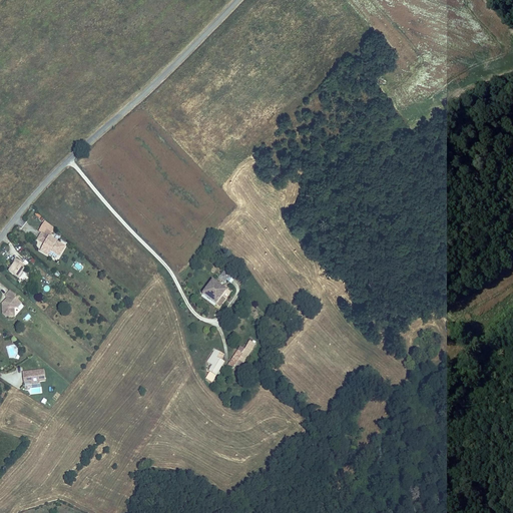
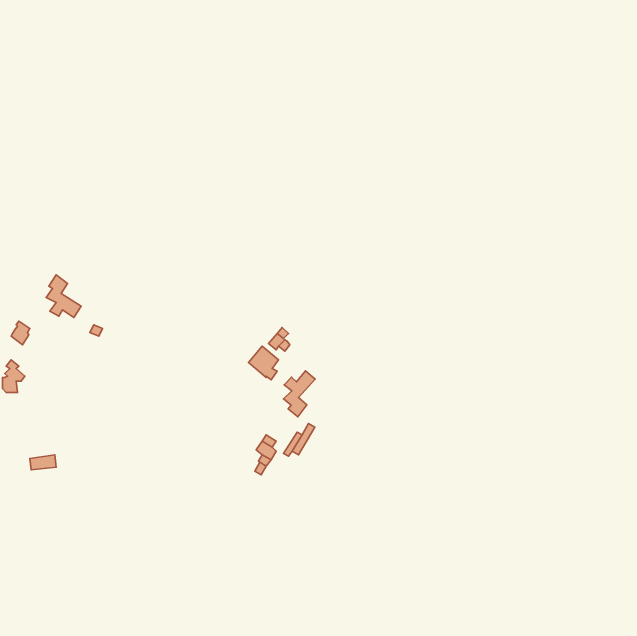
building: none -> [284,371,315,417]

